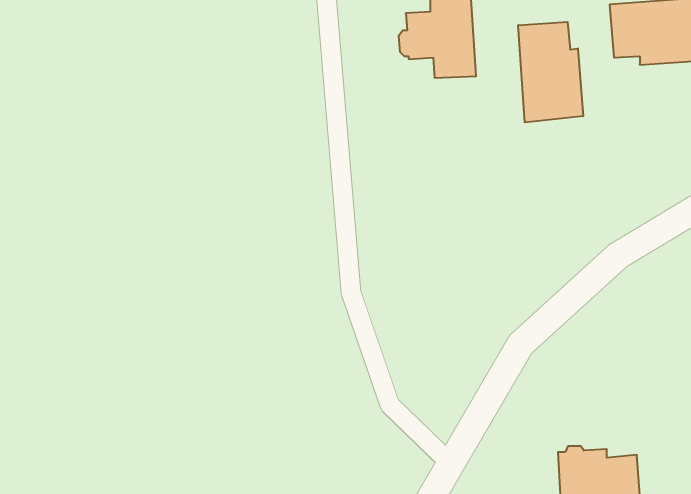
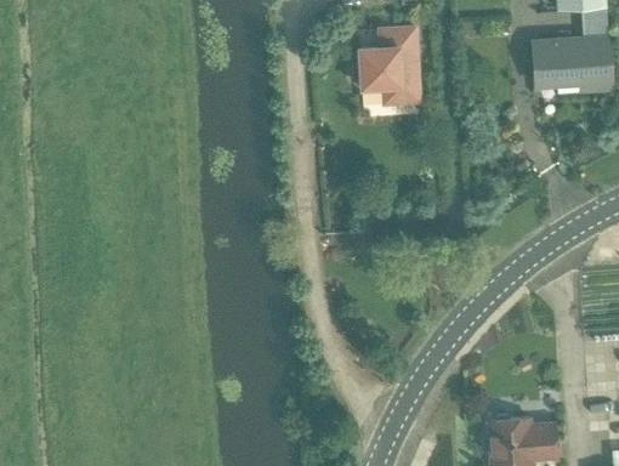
building: [518,22,583,122] -> none

